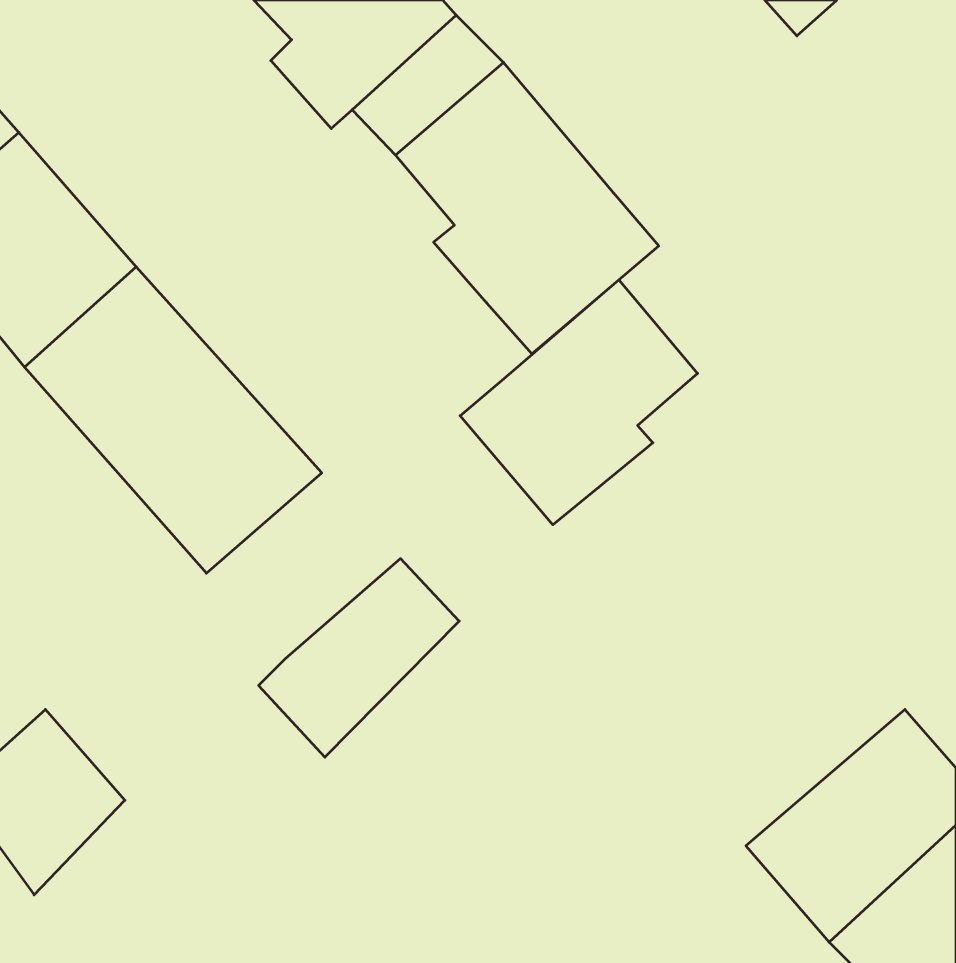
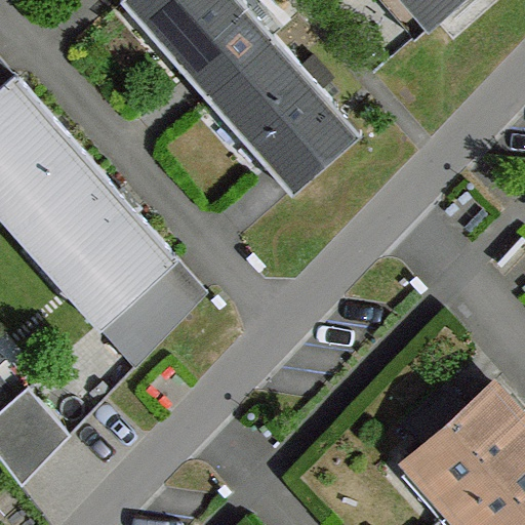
building: [460,280,698,525] -> none
building: [259,559,459,757] -> [97,258,206,366]

